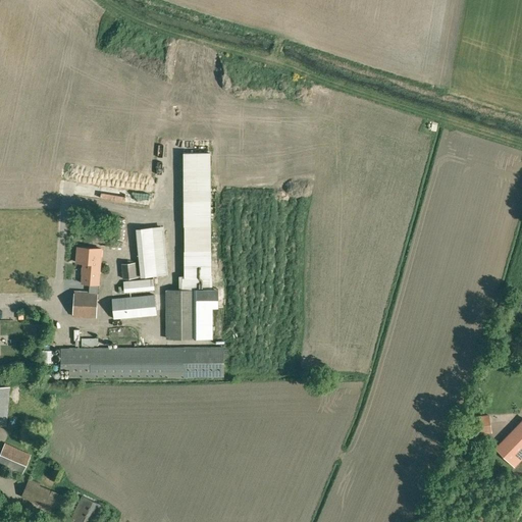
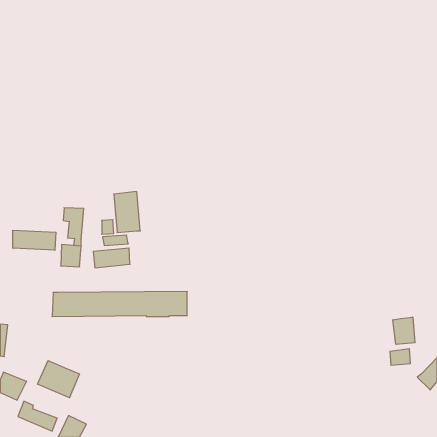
building: [165,153,218,337] -> none
building: none -> [13,230,56,250]
building: none -> [393,317,415,344]
building: none -> [38,361,79,398]

